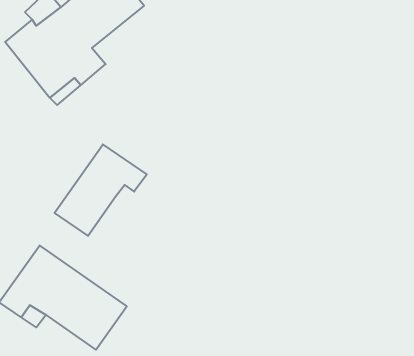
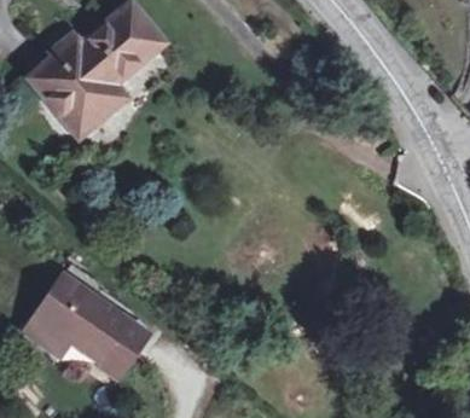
building: [55,144,147,236] -> none

